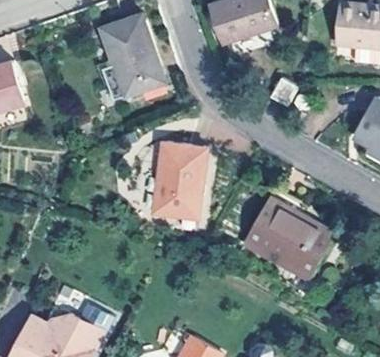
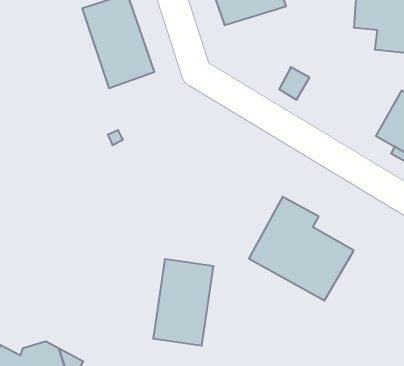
building: [154,143,206,217] -> [153,259,214,346]

